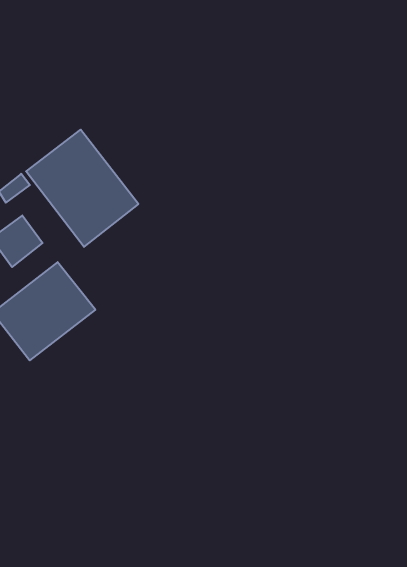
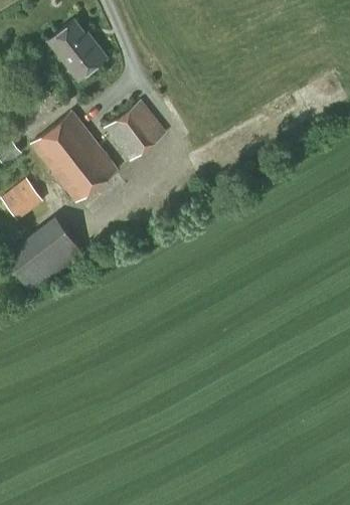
building: none -> [48,21,106,79]
building: none -> [104,100,167,162]

